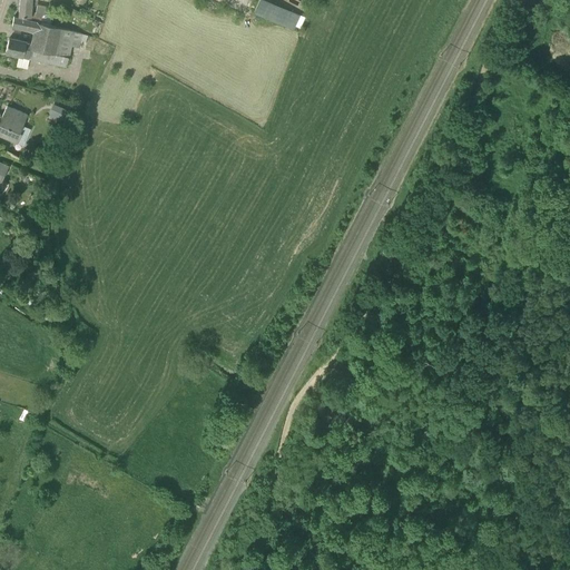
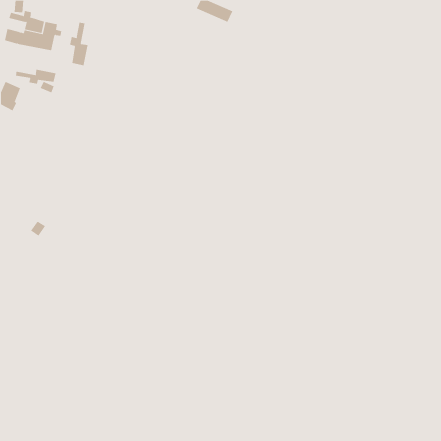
building: none -> [69,22,88,66]
building: none -> [16,69,56,85]

